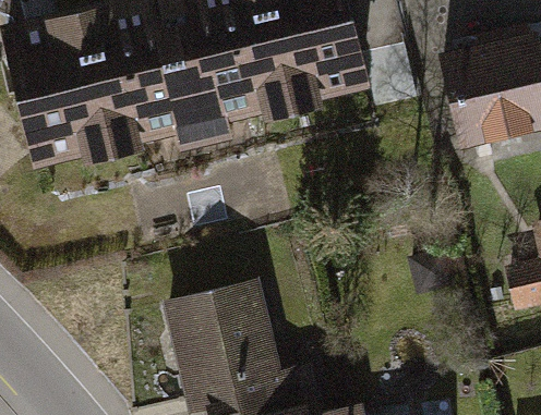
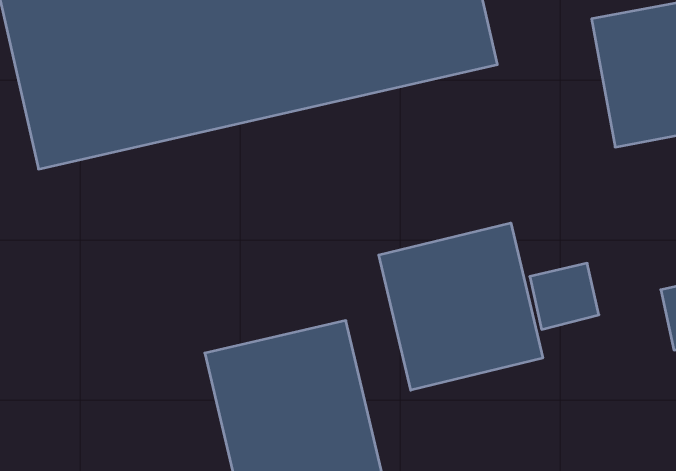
building: none -> [379,223,543,390]

